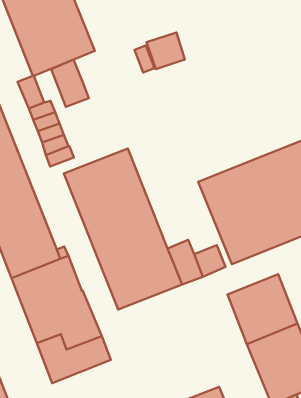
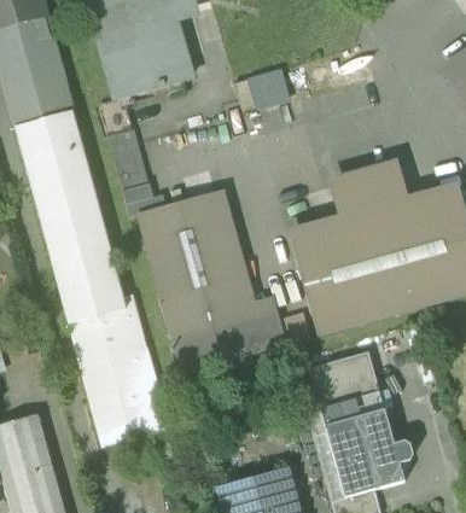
building: [51,60,89,107] -> none
building: none -> [336,168,403,222]

